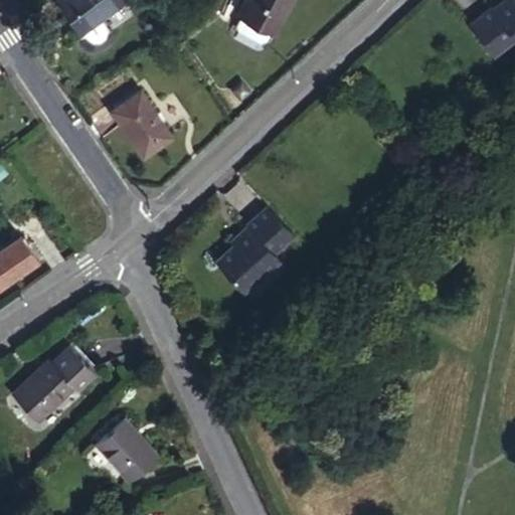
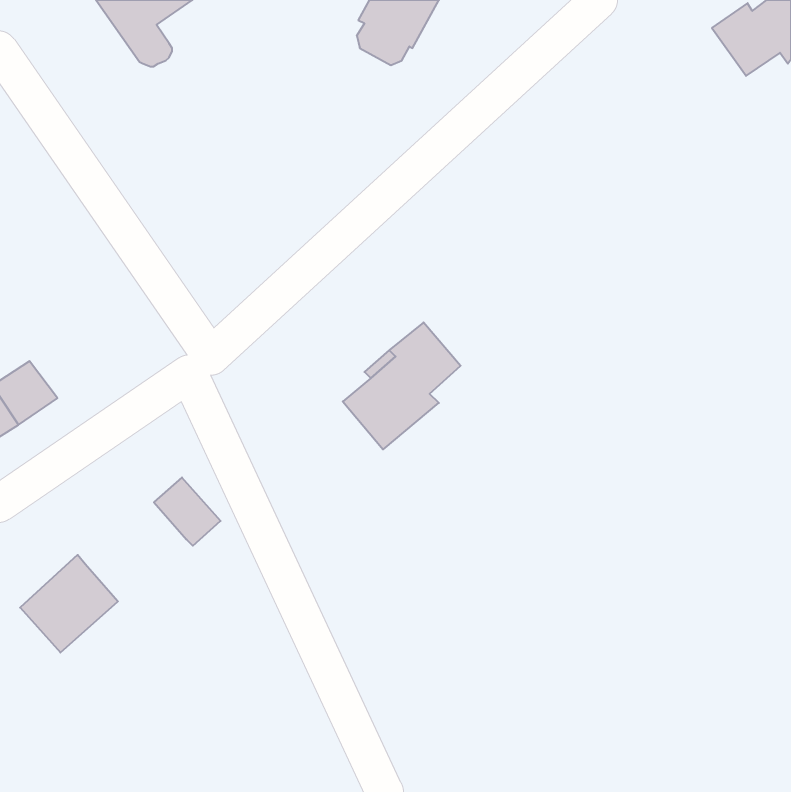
building: [113,92,172,157] -> none
building: [55,350,99,394] -> [154,477,221,546]
building: [96,419,159,483] -> none

